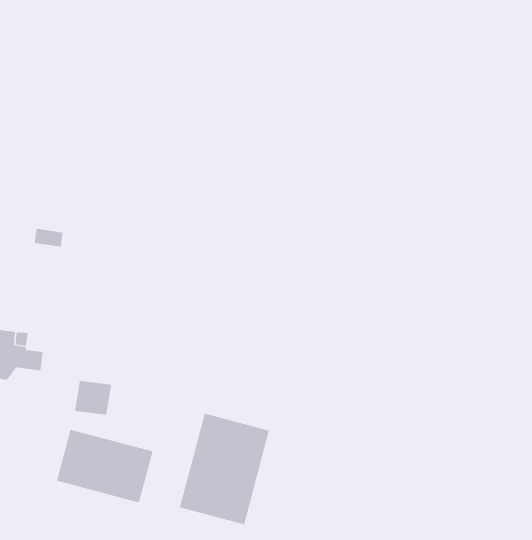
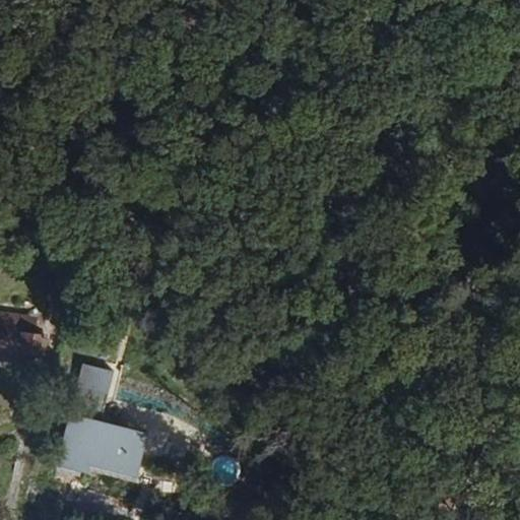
building: [179,413,270,525] -> none

